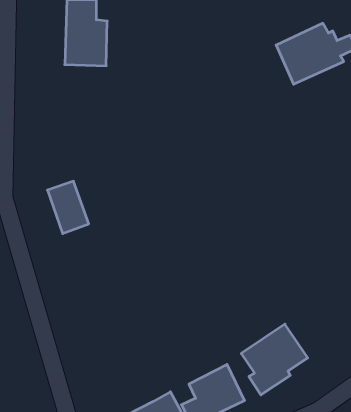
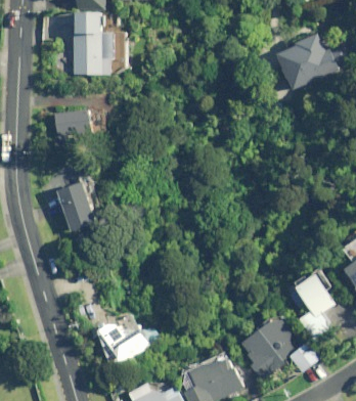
building: none -> [55,109,91,135]
building: none -> [295,273,335,339]
building: none -> [93,312,160,368]
building: none -> [290,345,320,374]

